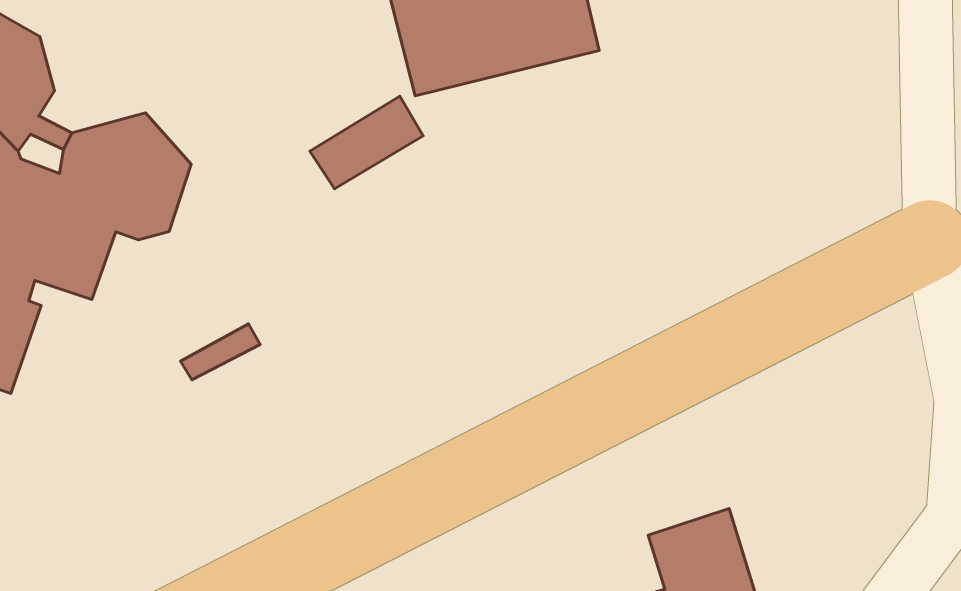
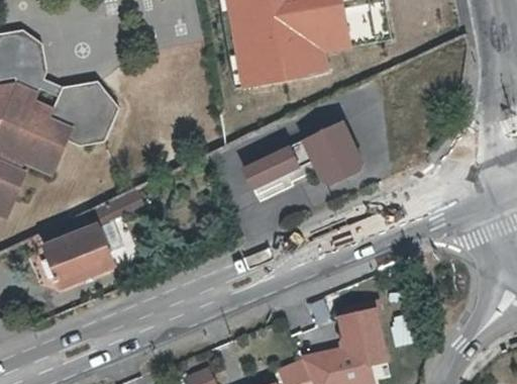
building: [310,96,423,189] -> [238,147,297,191]
building: none -> [297,120,365,190]
building: none -> [37,224,113,292]

